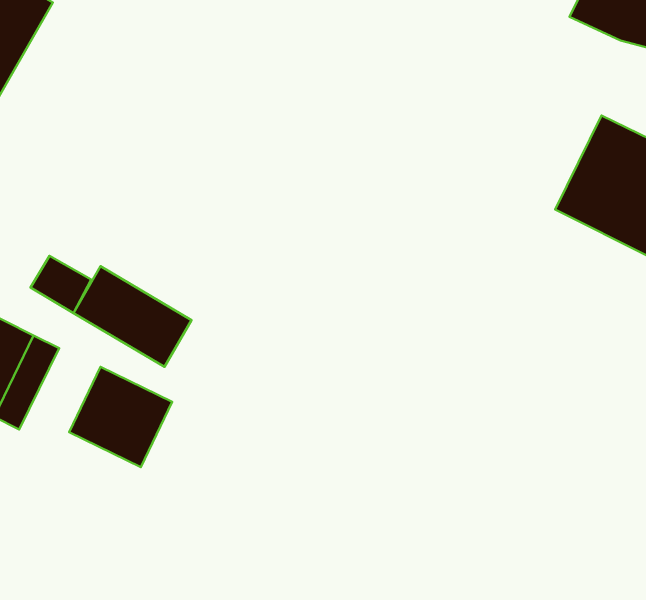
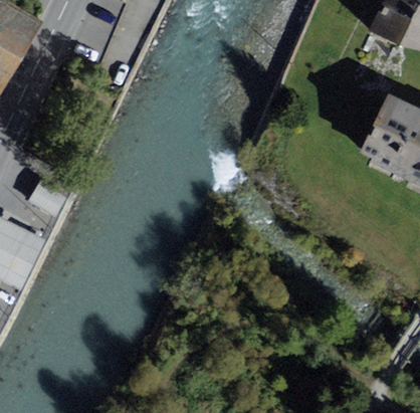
building: [73,266,192,367] -> none
building: [69,367,172,467] -> none

